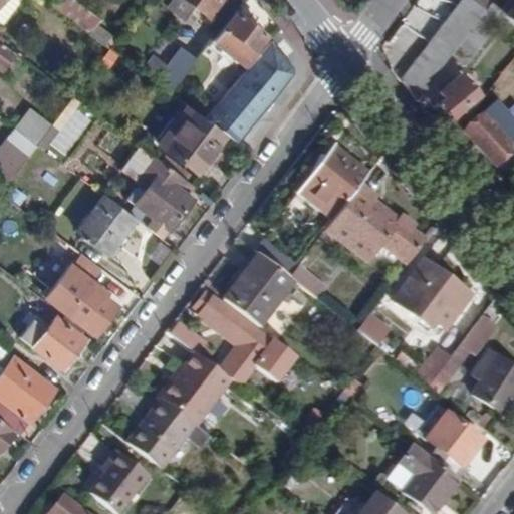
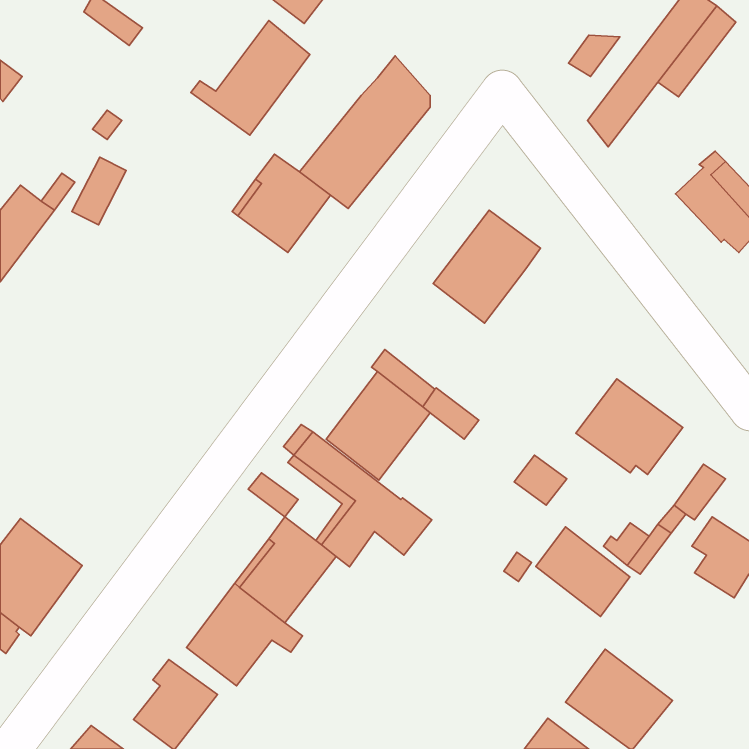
building: [215,12,265,65] -> none
building: [439,77,477,120] -> none
building: [135,157,193,228] -> none
building: [327,184,426,263] -> none
building: [79,194,137,255] -> none
building: [47,265,118,337] -> none
building: [21,316,86,368] -> none
building: [418,406,482,467] -> [536,527,630,617]

